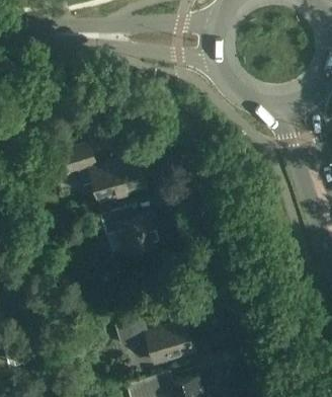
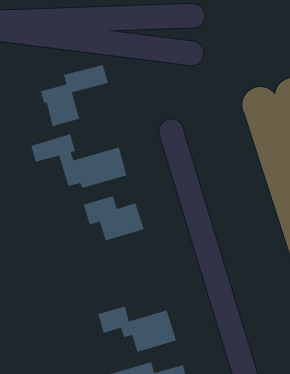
building: none -> [40,64,109,127]

